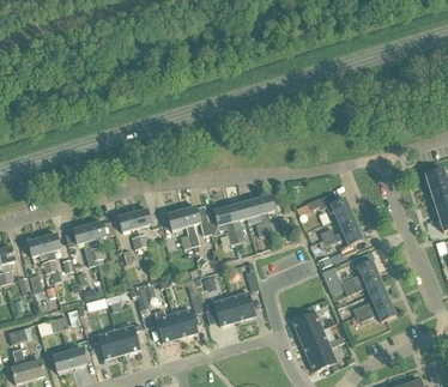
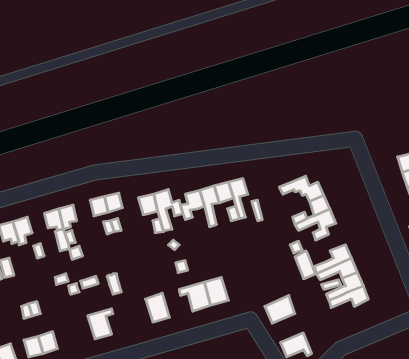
building: [147,309,180,341] -> none
building: [298,328,343,357] -> none
building: [90,331,122,359] -> none

